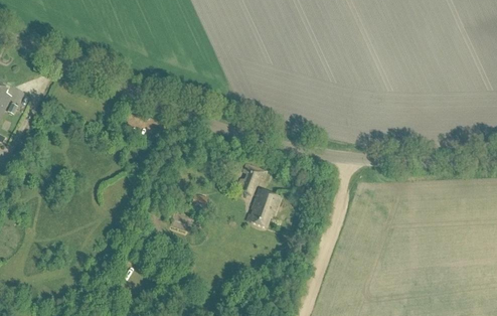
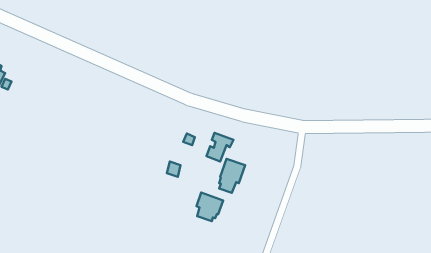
building: none -> [196,192,223,221]

